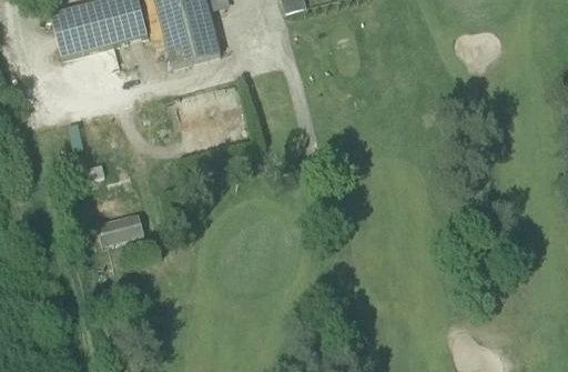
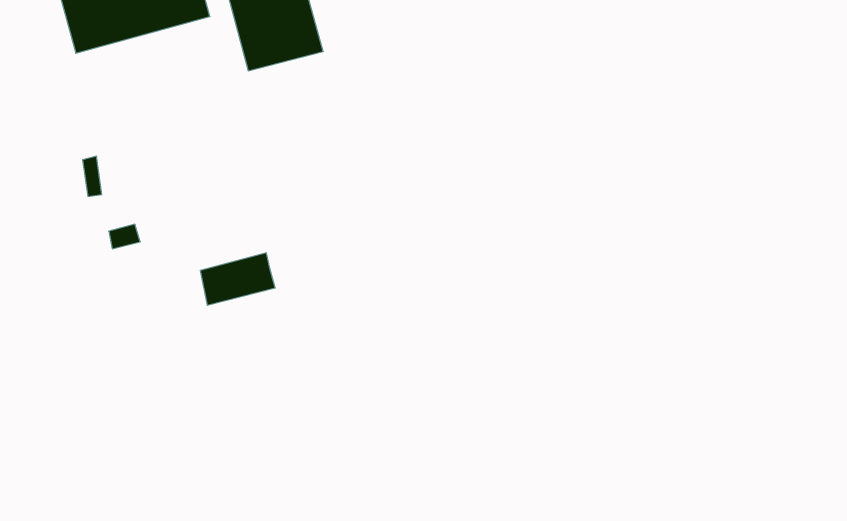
building: [97,212,144,245] -> [200,253,275,305]

